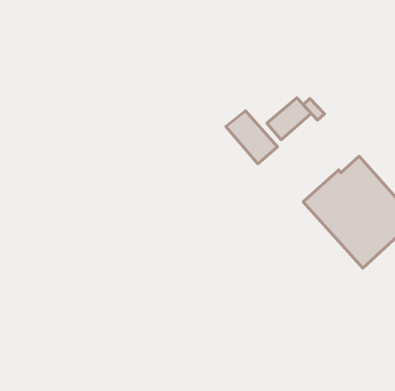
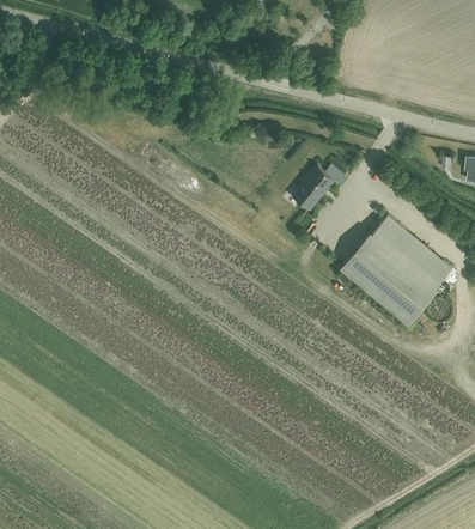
building: [226,111,278,164] -> none

